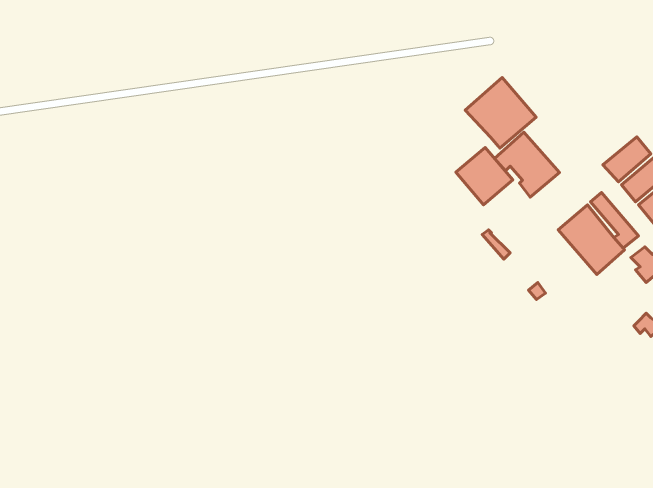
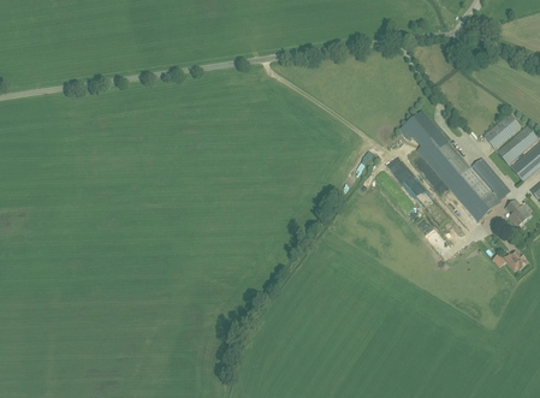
building: [465,78,536,148] -> none
building: [456,147,513,205] -> [426,141,470,185]

